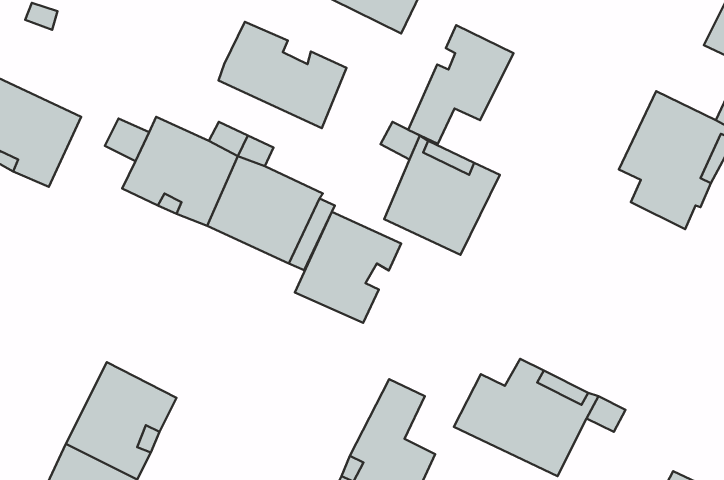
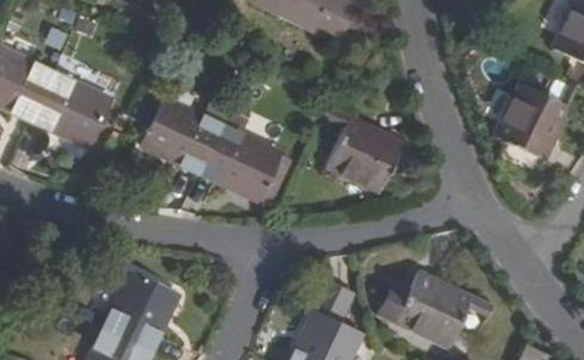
building: [218,22,347,128] -> none
building: [408,25,513,144] -> none
building: [295,212,401,323] -> none

